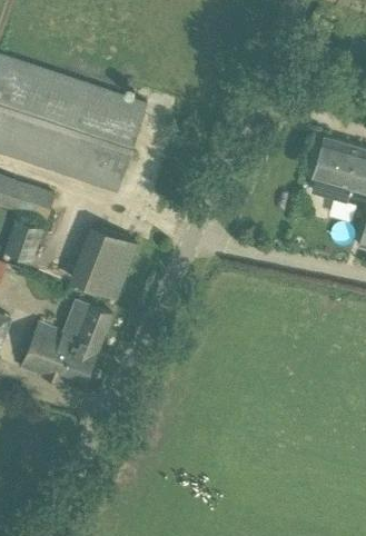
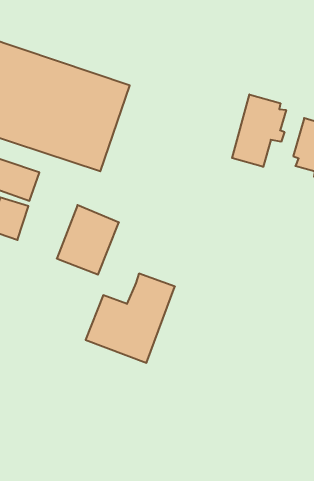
building: none -> [232,94,286,167]
building: [20,299,111,390] -> [86,274,175,363]

